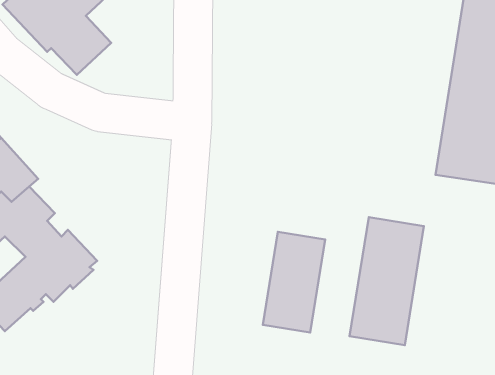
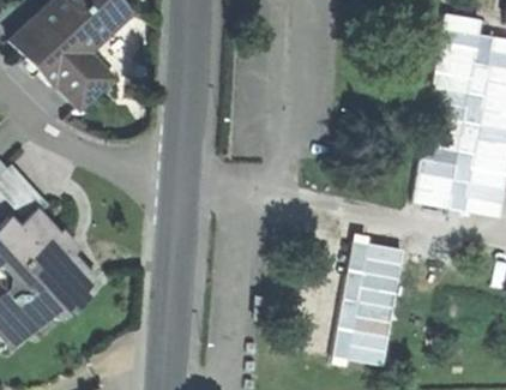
building: [263,232,325,333] -> none

